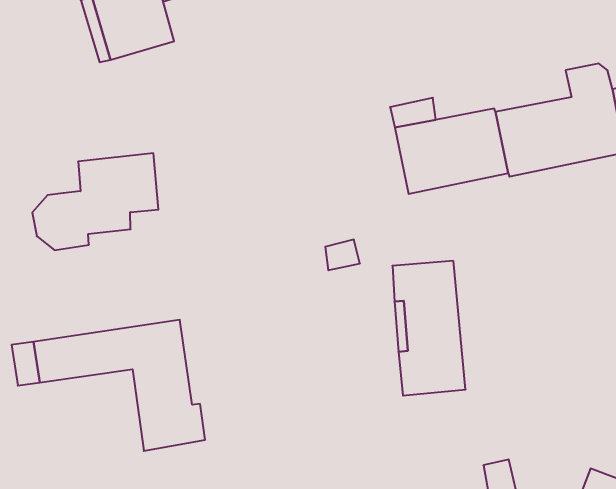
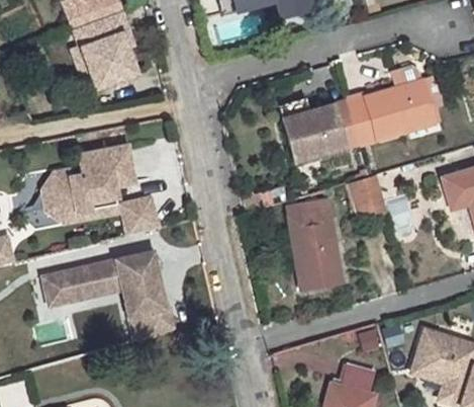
building: none -> [42,168,118,221]
building: none -> [351,172,387,215]
building: none -> [121,196,159,234]

